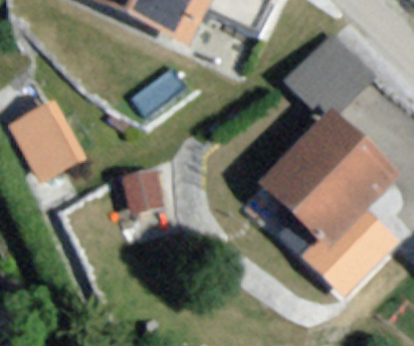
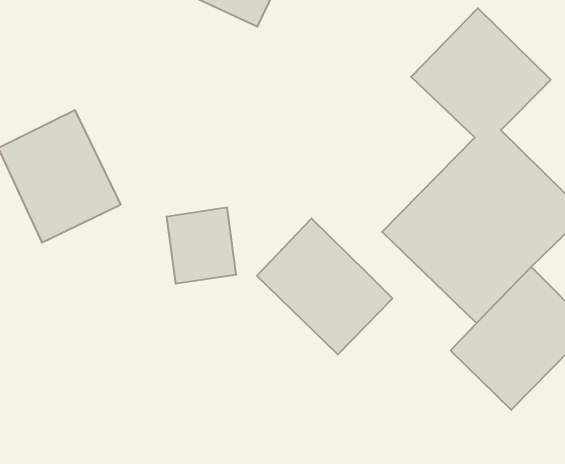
building: none -> [257,218,392,355]

